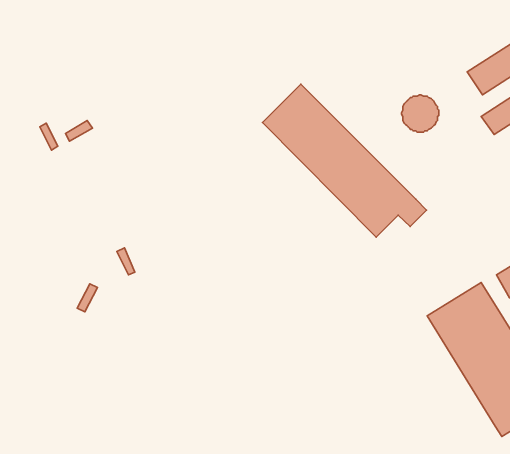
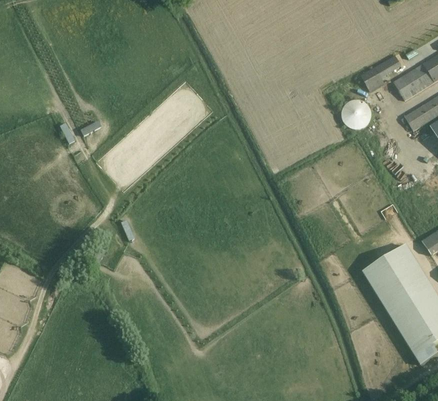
building: none -> [361,54,403,91]
building: [262,84,427,237] -> none

